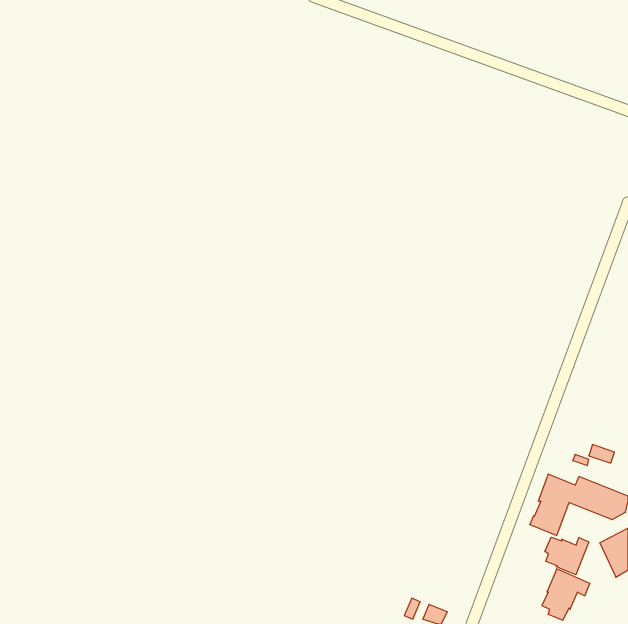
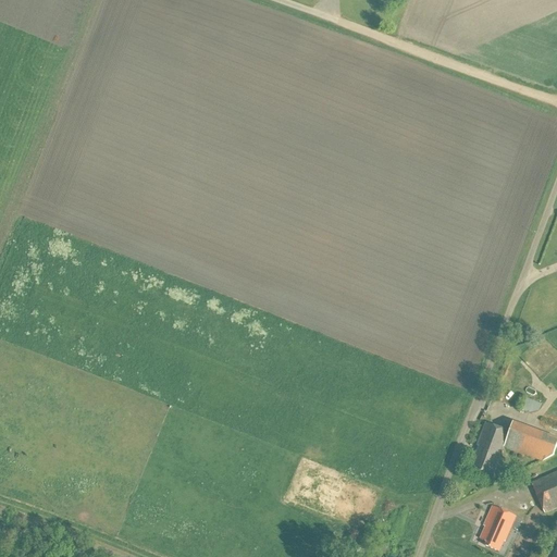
building: [545,537,589,575] -> none

